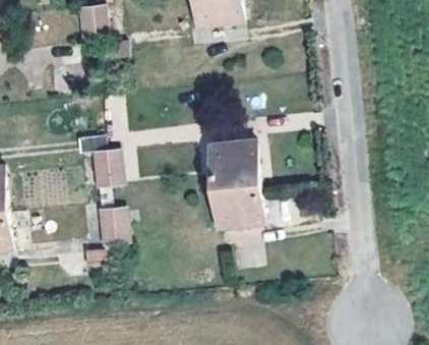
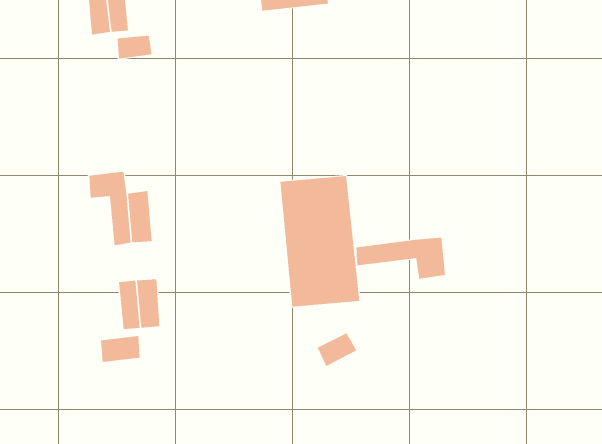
building: none -> [356,237,445,279]

